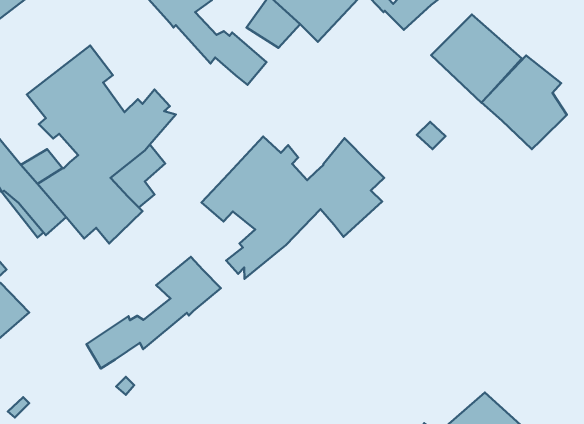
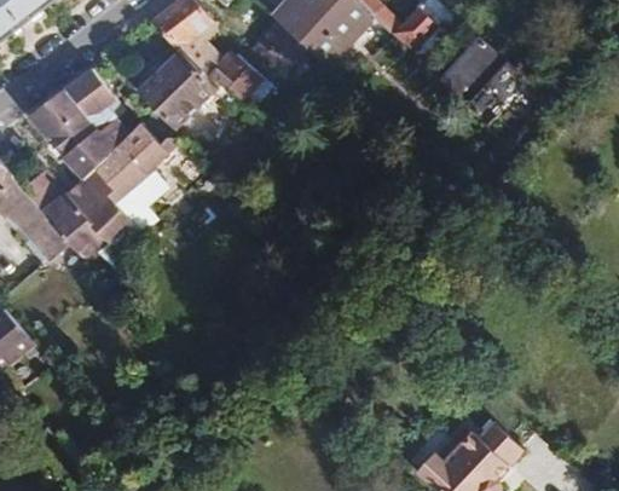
building: none -> [132,44,239,128]
building: [482,56,567,149] -> none
building: [201,137,384,279] -> none
building: [86,257,221,368] -> none

